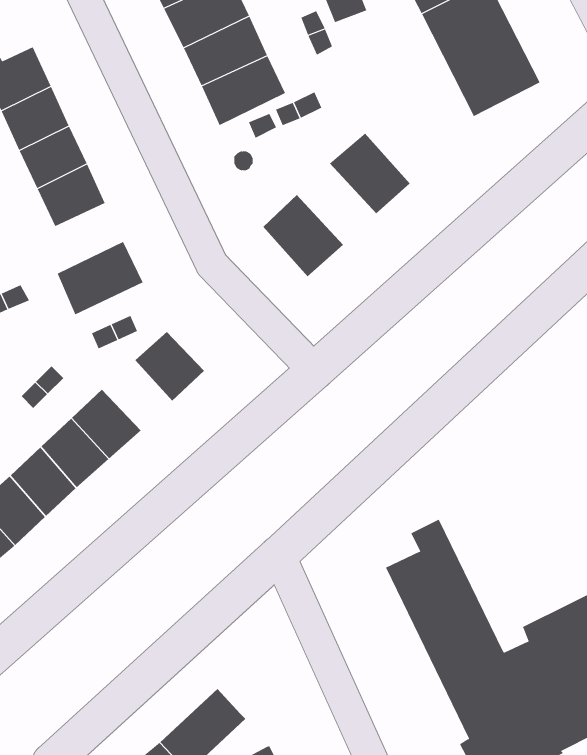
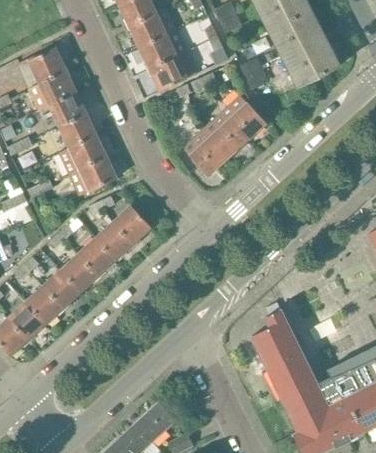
building: none -> [239,58,267,91]
building: none -> [202,113,246,158]
building: none -> [58,135,106,174]
building: none -> [94,222,133,261]

